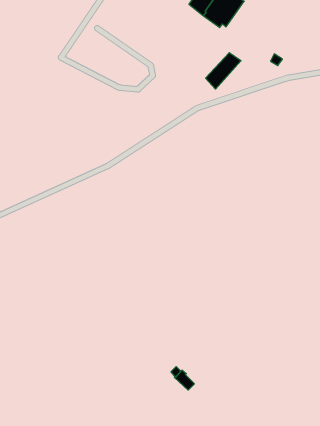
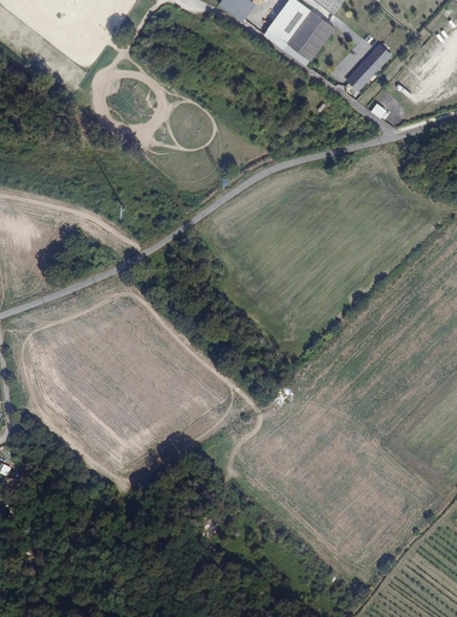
building: [206,53,241,89] -> [344,41,391,89]

